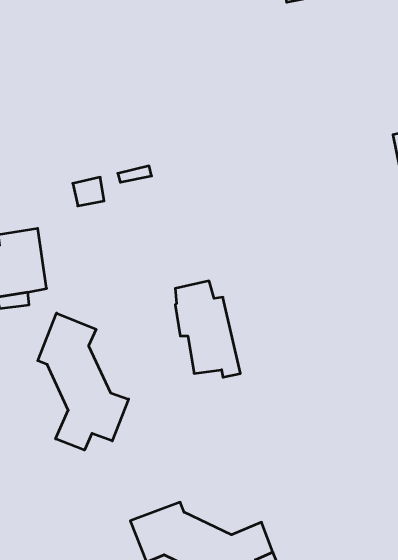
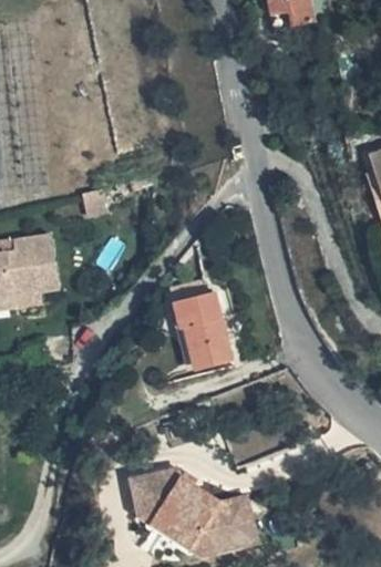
building: [38,313,129,450] -> none

